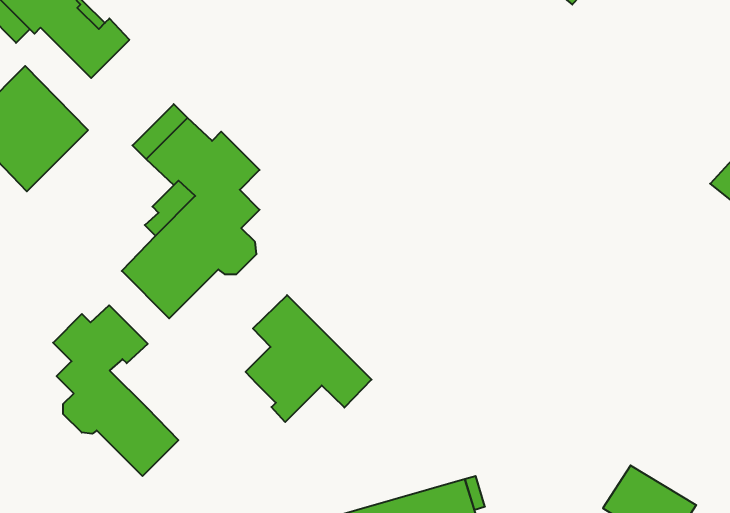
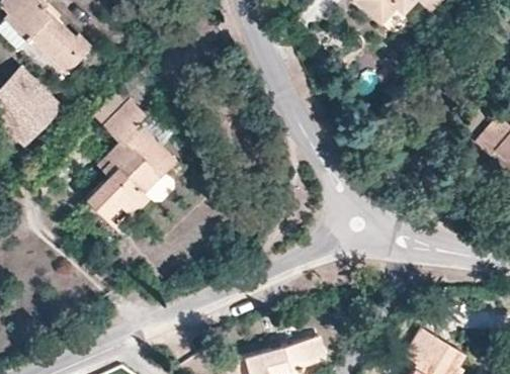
building: [246,295,372,422] -> none
building: [53,305,178,476] -> none

